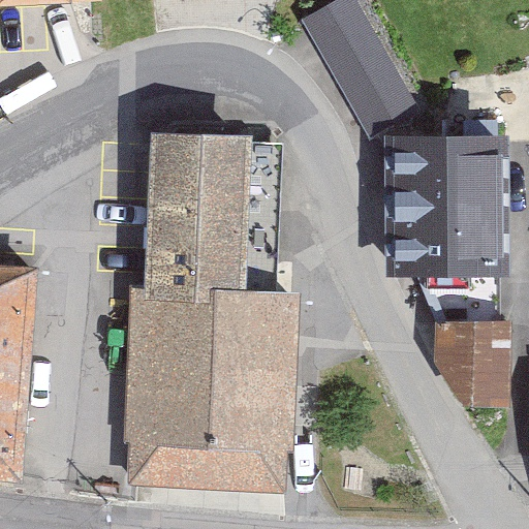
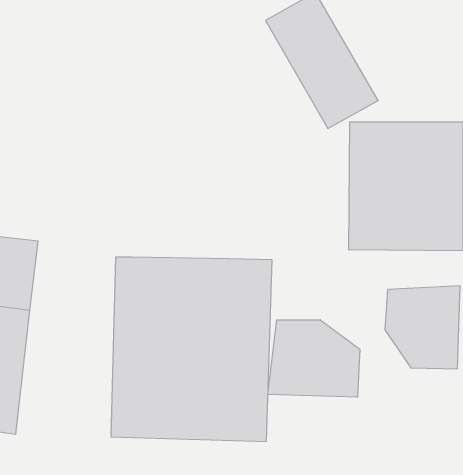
building: [146,130,261,287] -> none
building: none -> [268,320,360,397]

